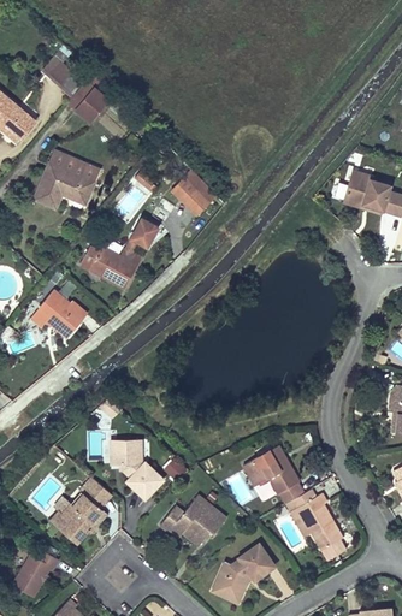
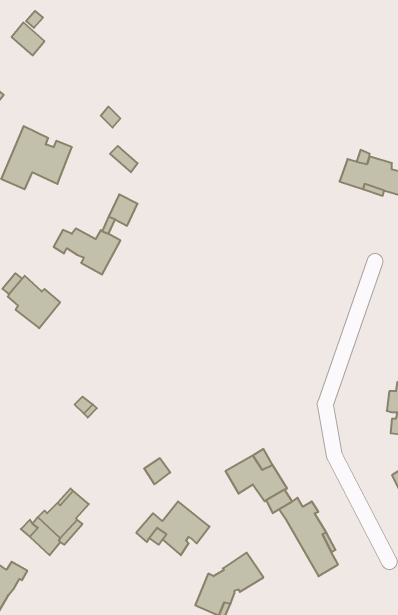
building: [67,79,112,123] -> none
building: [172,174,212,213] -> none
building: [117,440,164,499] -> none

